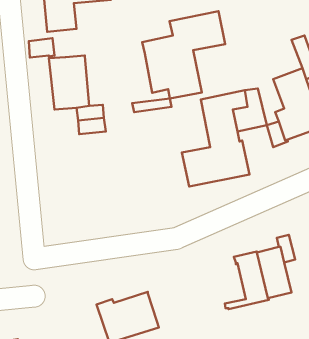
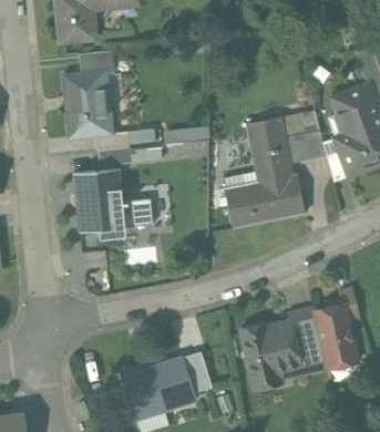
building: [142,11,225,99] -> none
building: [29,38,54,57] -> [82,50,113,73]
building: none -> [74,168,154,230]
building: none -> [242,321,301,389]
building: none -> [183,352,213,392]

